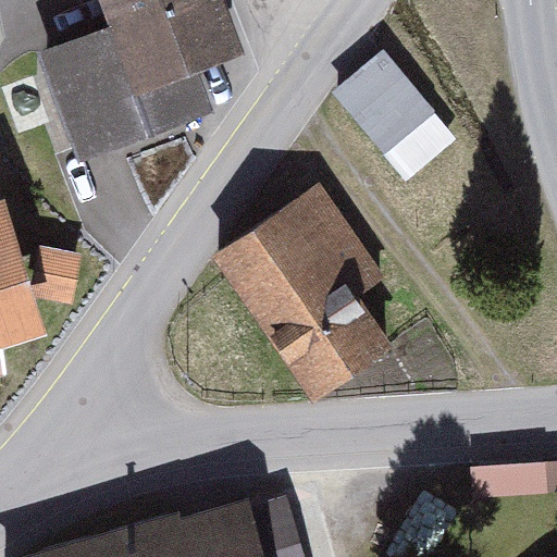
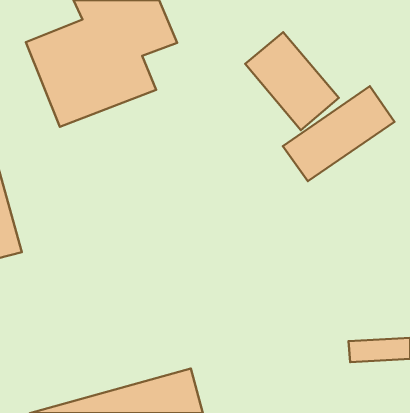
building: none -> [283,86,395,181]
building: [214,189,398,409] -> none

